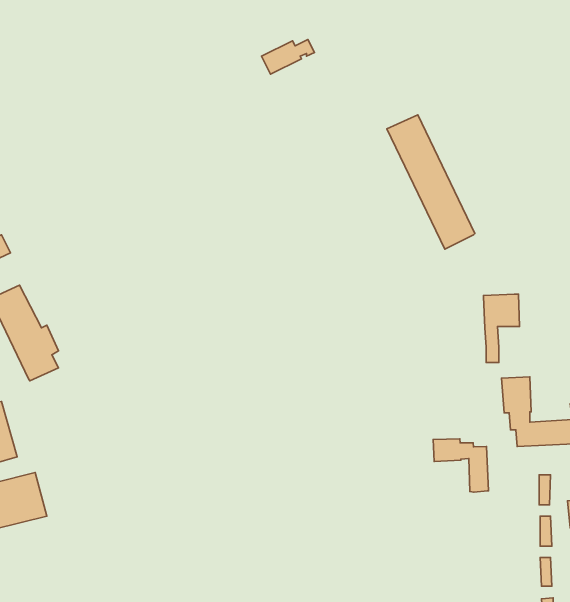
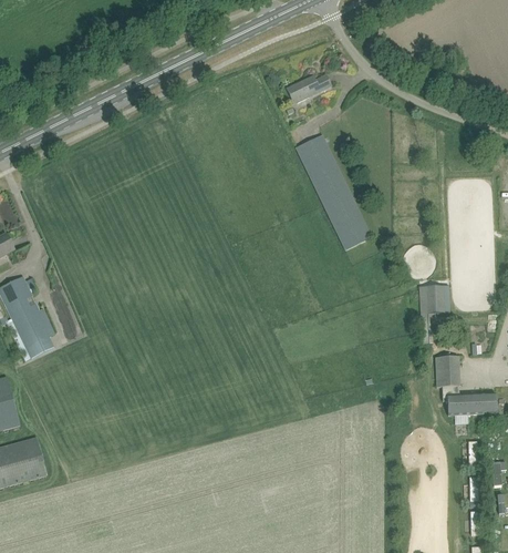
building: [261,39,314,74] -> [288,74,333,104]
building: [387,115,475,249] -> [297,135,372,250]
building: [433,439,489,492] -> none

